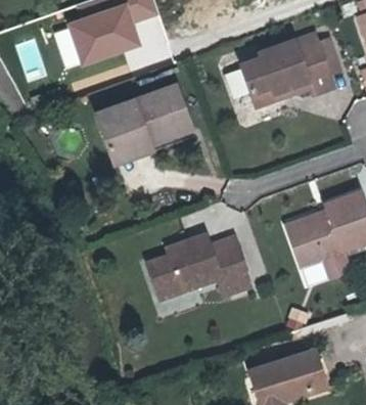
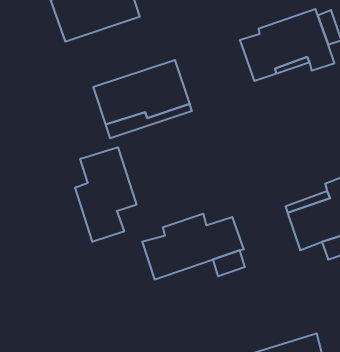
building: none -> [75,147,136,242]

